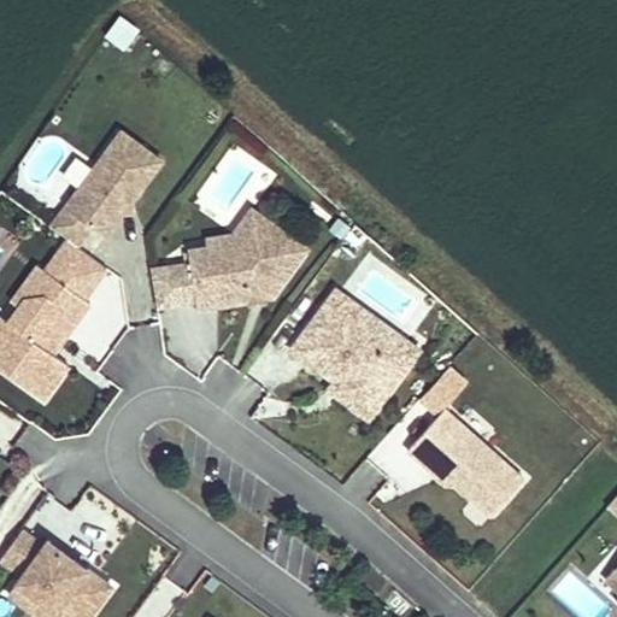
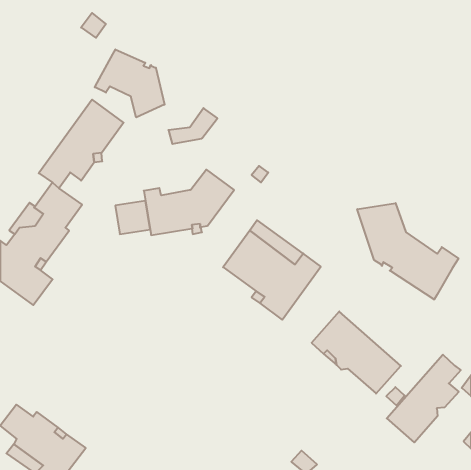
building: none -> [95,49,165,117]
building: [206,210,270,257] -> [168,108,217,144]
building: none -> [357,203,458,300]
building: none -> [387,355,461,442]

